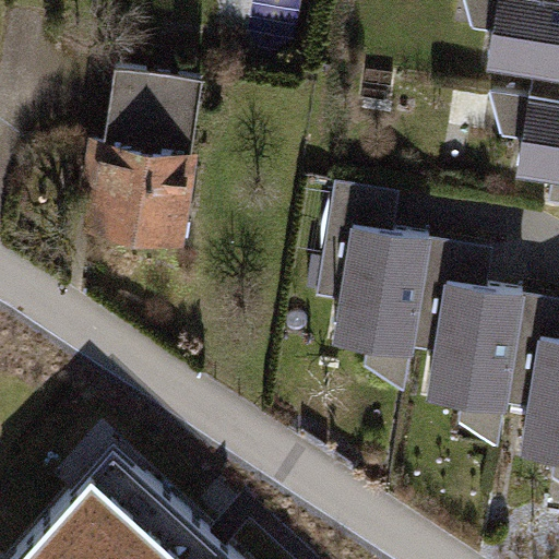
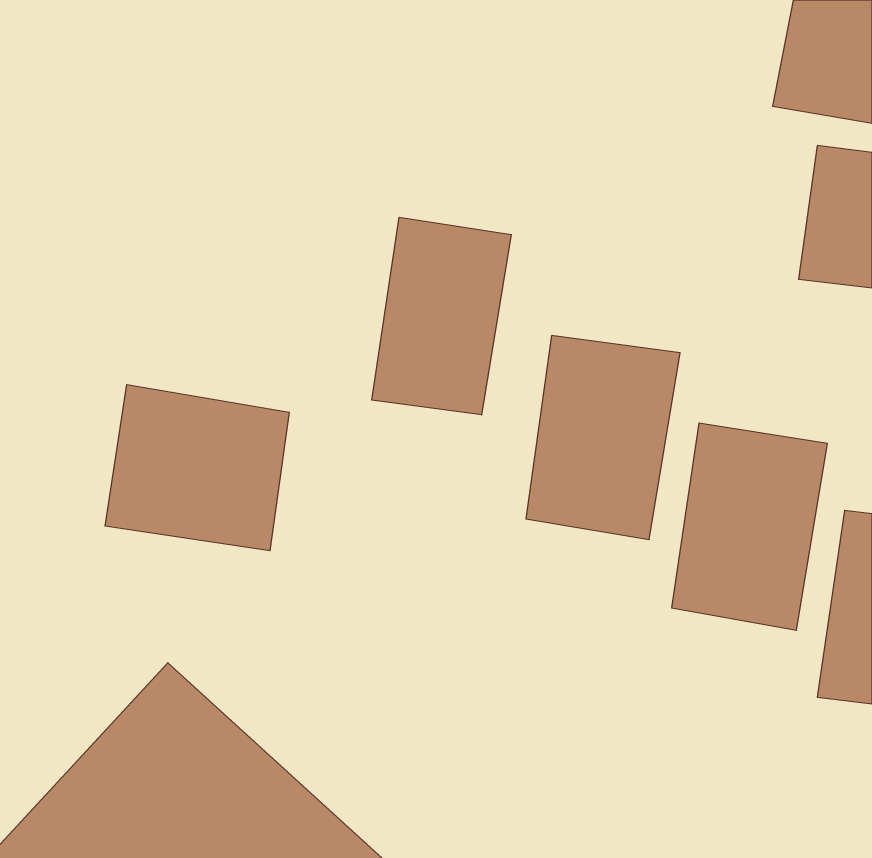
building: [97,74,216,250] -> none
building: none -> [372,217,511,415]
building: none -> [105,385,289,551]

